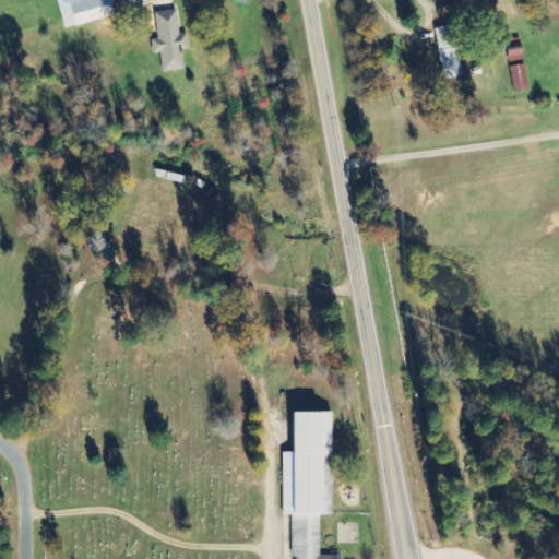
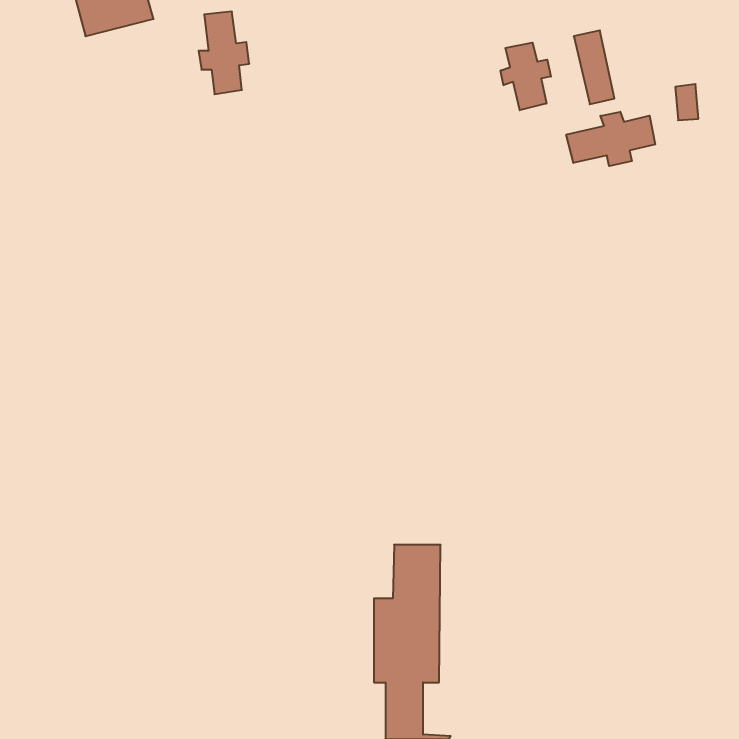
building: none -> [501,43,551,110]
building: none -> [566,112,655,166]

